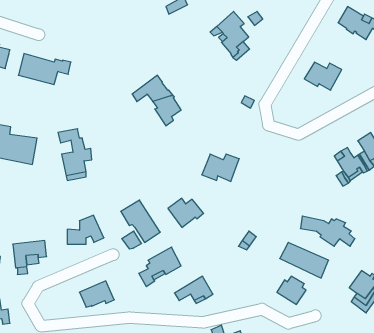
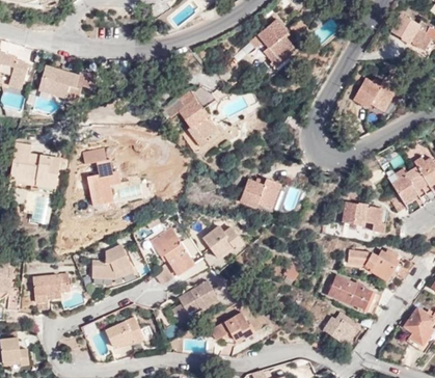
building: none -> [341,203,384,235]

